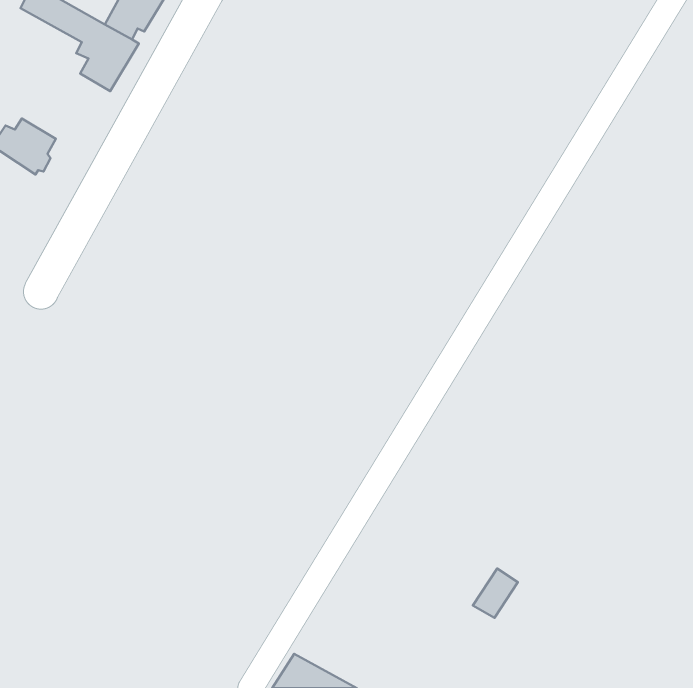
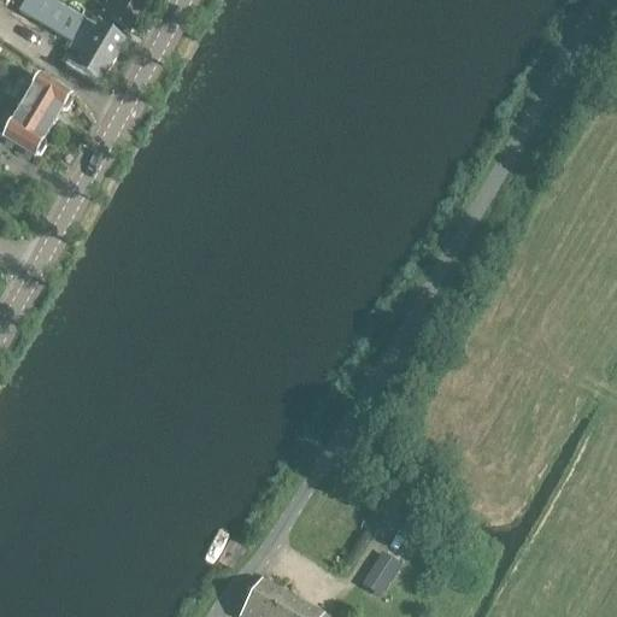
building: none -> [7,74,70,123]
building: [473,569,518,618] -> [359,548,399,592]

